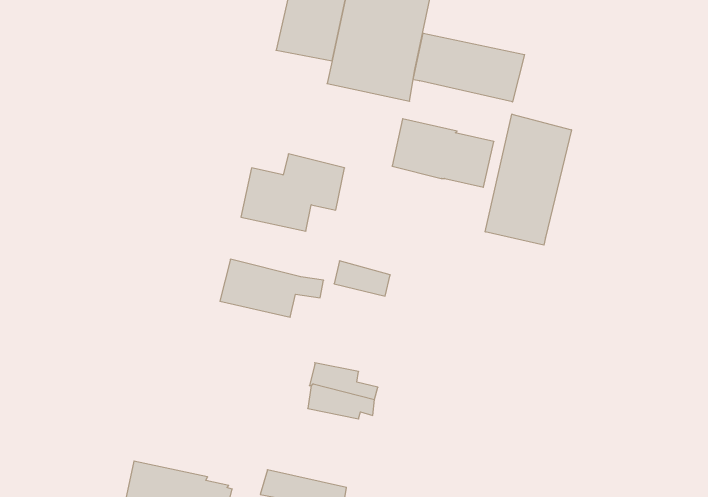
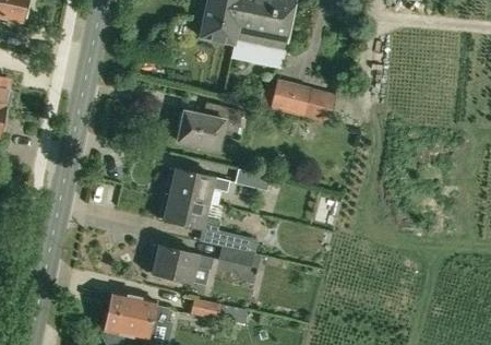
building: [413,33,525,102] -> none
building: [485,114,571,245] -> none
building: none -> [158,193,219,231]
building: none -> [146,245,212,282]

